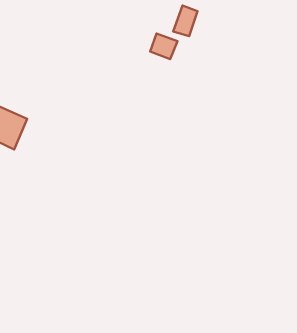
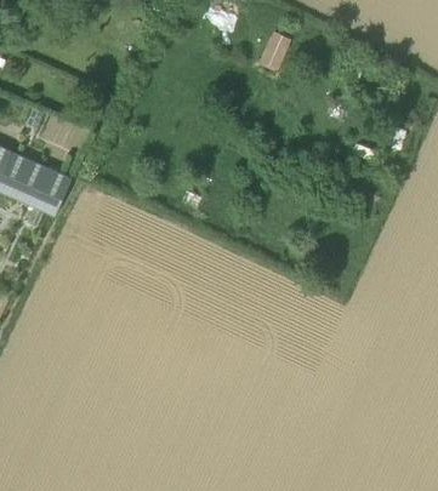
building: [150,34,177,59] -> none

